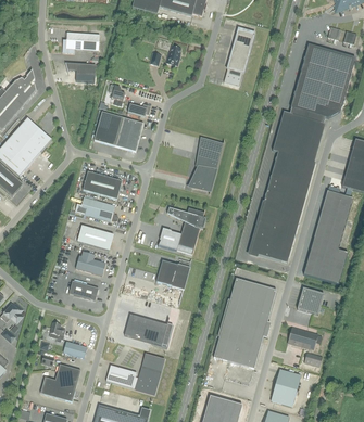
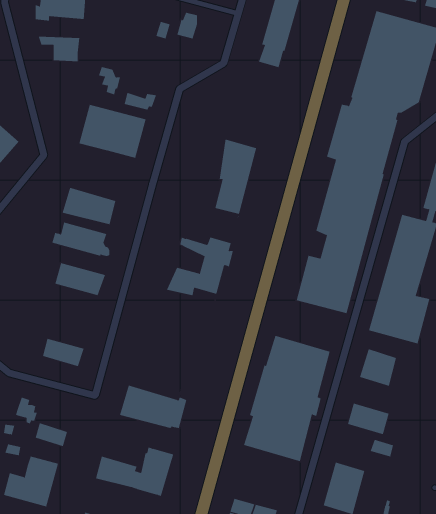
building: [76,251,105,274] -> none
building: [156,257,191,289] -> none

